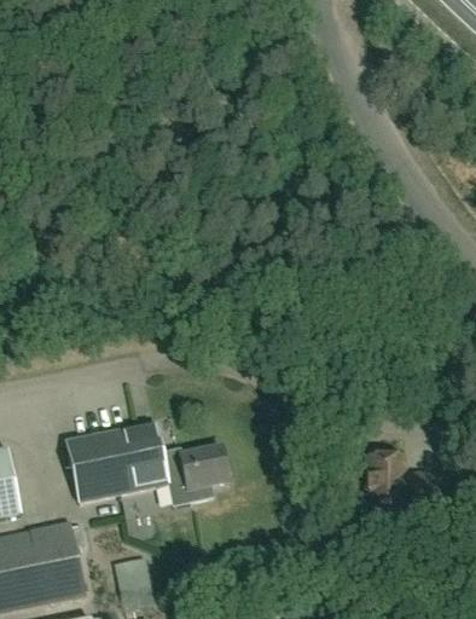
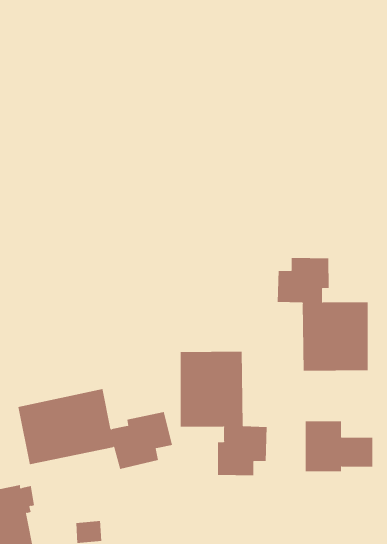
building: none -> [277,257,368,371]
building: none -> [180,351,267,476]

